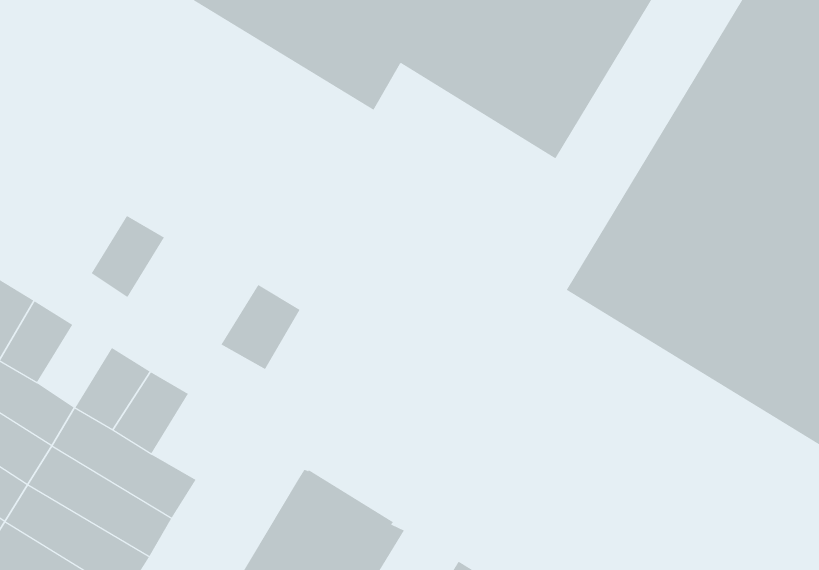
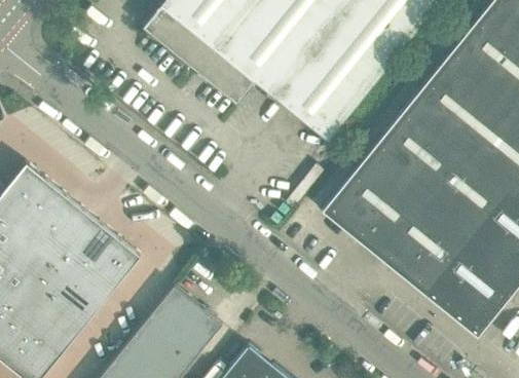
building: [91,215,165,298] -> [41,194,82,237]
building: [220,284,301,370] -> [96,238,140,284]

